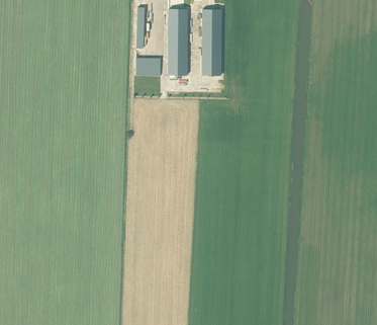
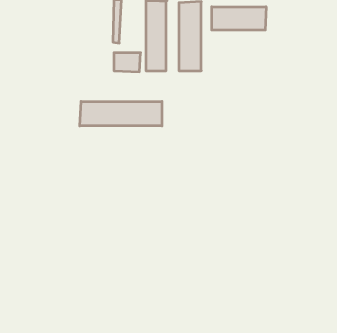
building: none -> [212,7,266,30]
building: none -> [80,101,162,126]

